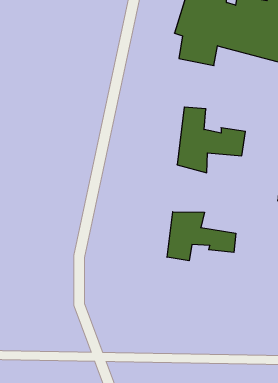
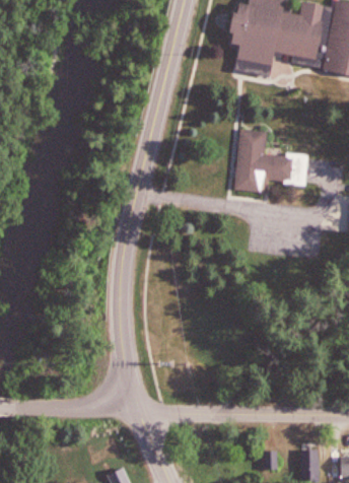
building: [167,212,236,261] -> none

